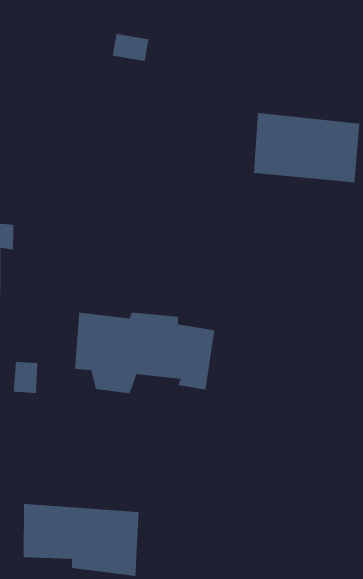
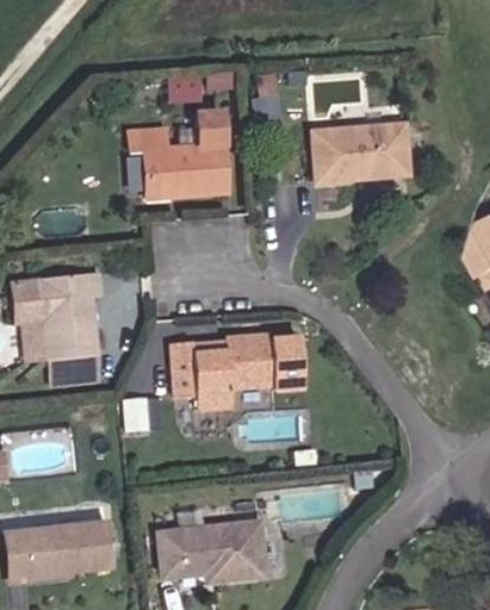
building: none -> [126,108,230,200]

